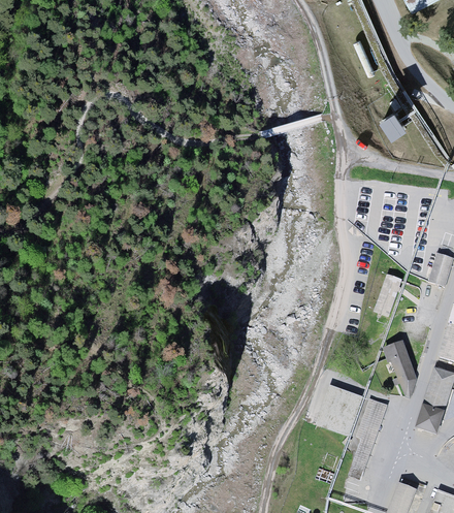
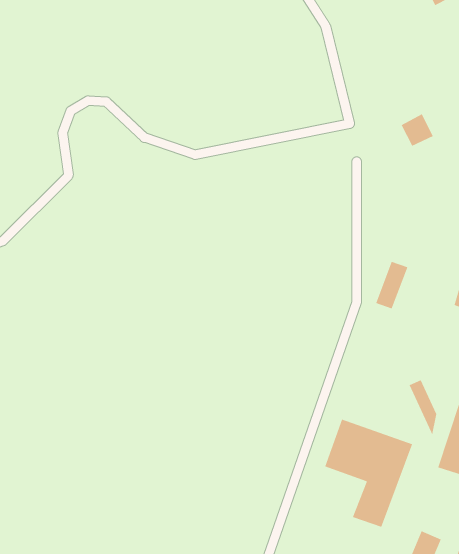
building: [374,274,403,317] -> [375,261,408,309]

